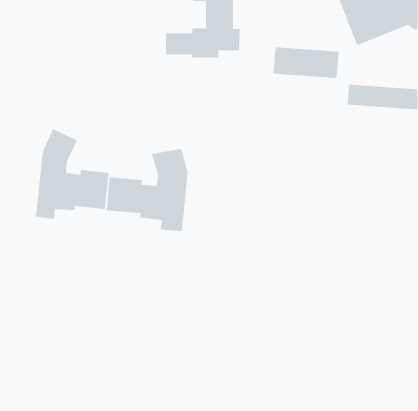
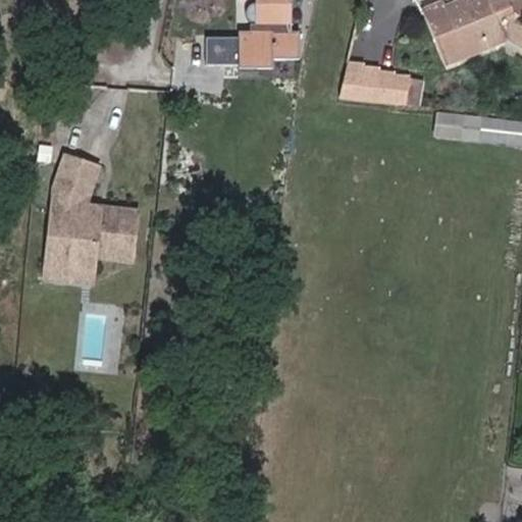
building: [106,148,188,232] -> none
building: none -> [43,261,94,286]

